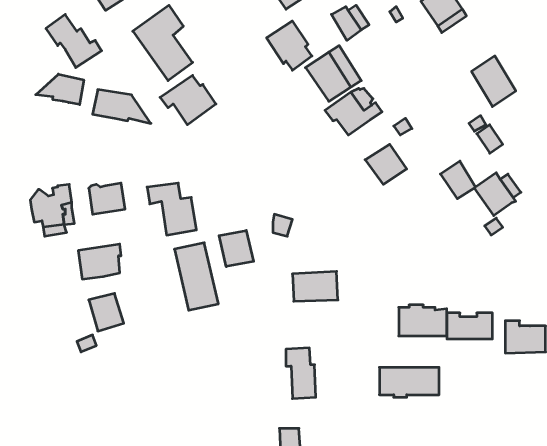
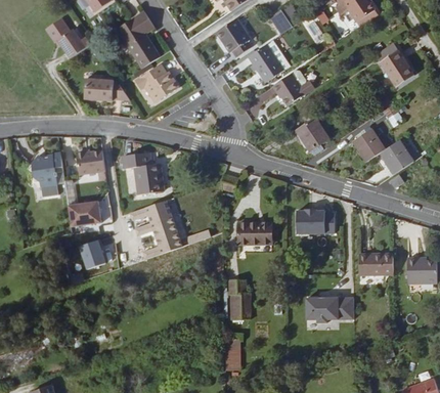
building: [36,74,84,105] -> none
building: [219,230,254,267] -> none
building: [399,305,447,336] -> [298,208,336,232]

